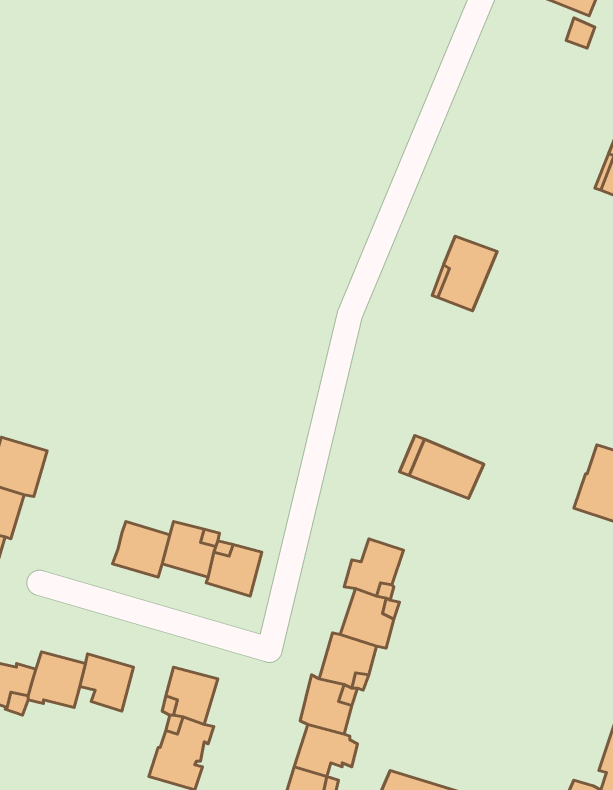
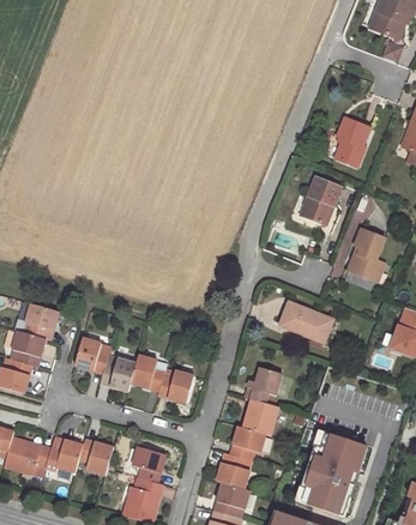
building: none -> [334,119,368,167]
building: none -> [348,229,384,279]
building: none -> [74,338,108,373]
building: none -> [301,433,366,515]

